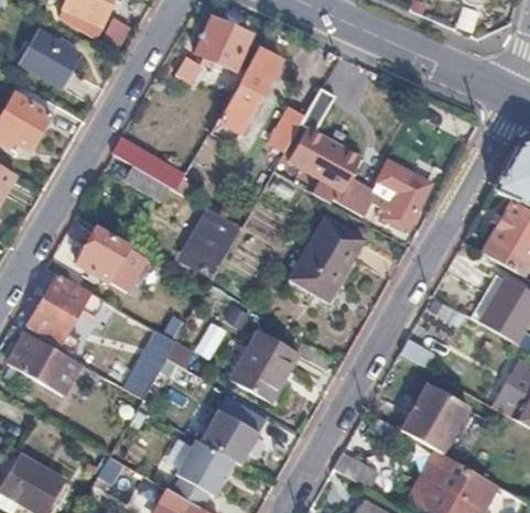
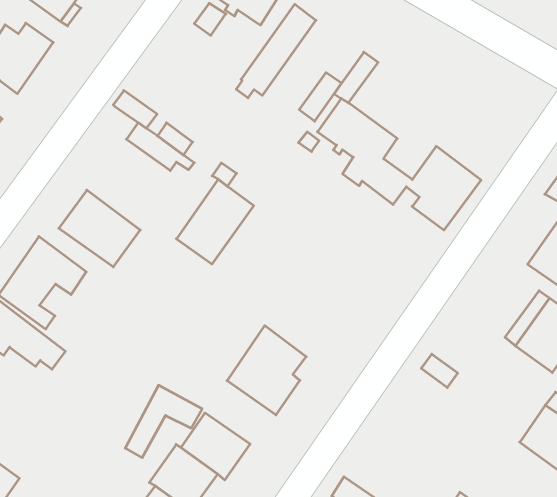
building: [291,219,364,299] -> none
building: [132,335,195,399] -> [125,385,202,458]
building: [401,385,464,452] -> none

